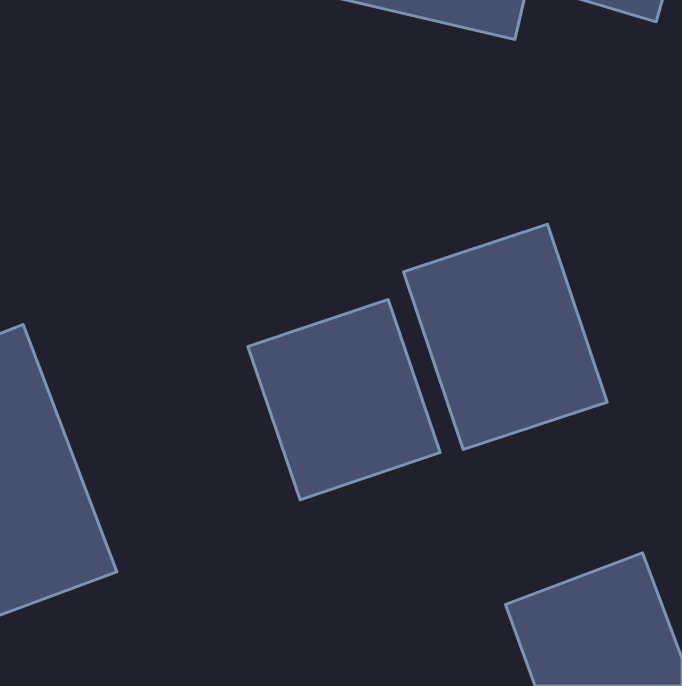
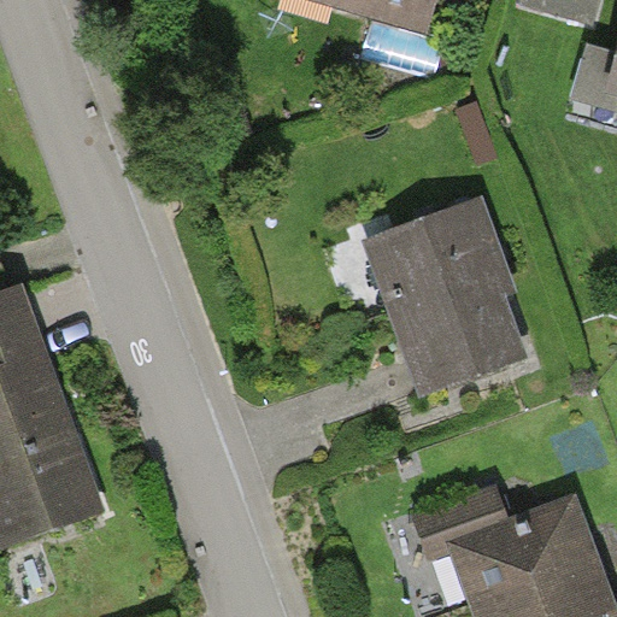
building: [248,299,440,500] -> none

